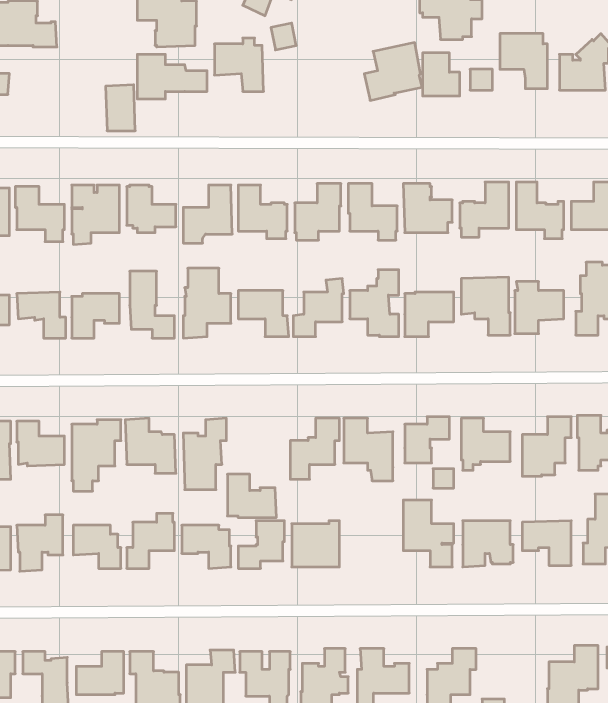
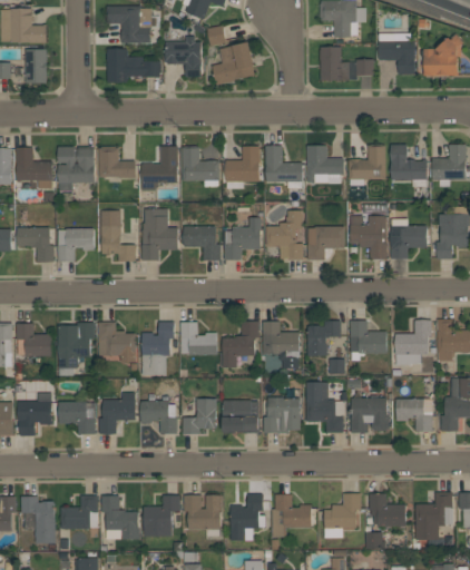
building: [364,43,422,100] -> [212,42,255,86]
building: [106,85,135,131] -> [25,49,47,83]
building: [227,474,276,517] -> [180,323,217,355]
building: none -> [263,397,300,433]
building: none -> [369,494,405,527]

